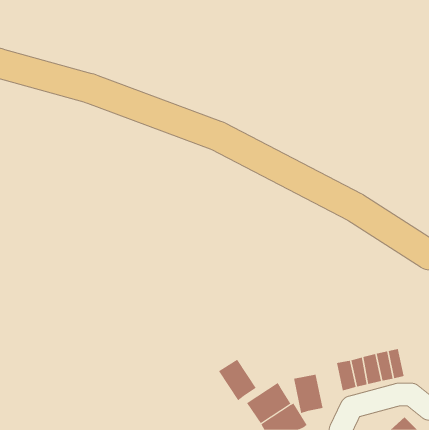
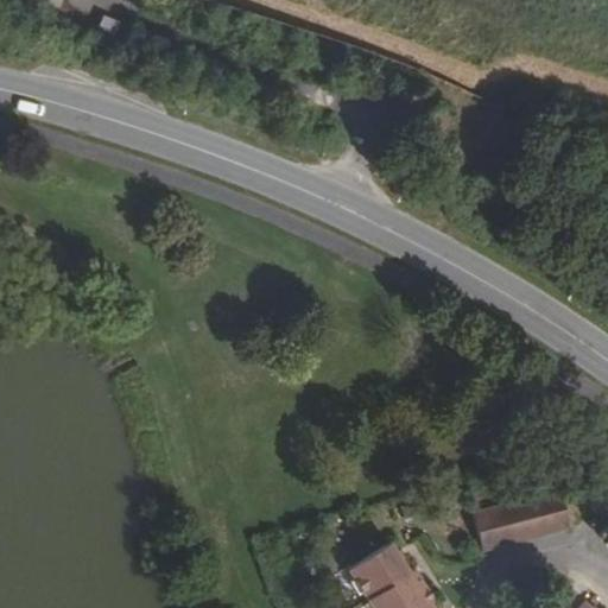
building: [218,359,257,401] -> none
building: [293,374,323,414] -> none

